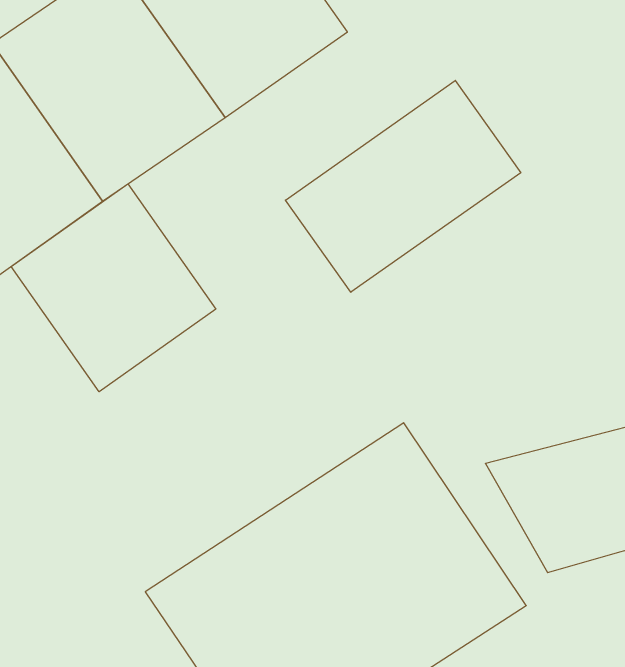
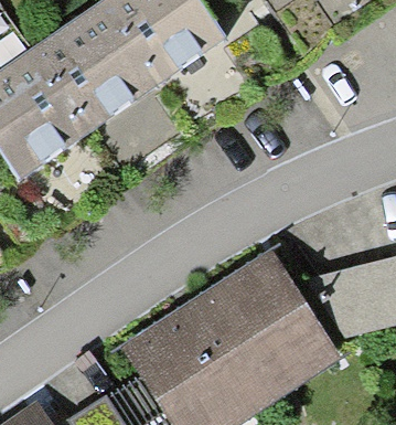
building: [285,80,521,292] -> none
building: [11,184,216,392] -> none

